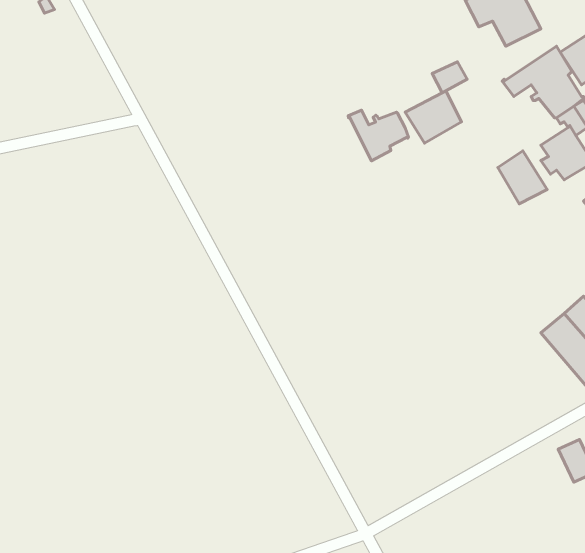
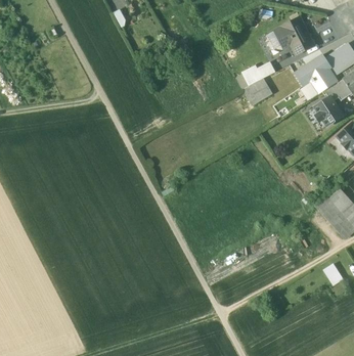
building: [348,110,409,161] -> none
building: [498,151,547,204] -> none

